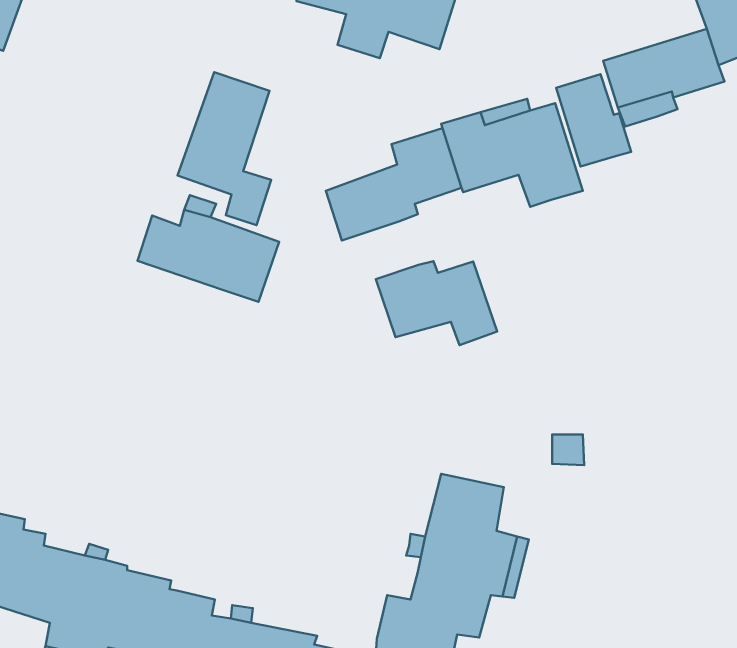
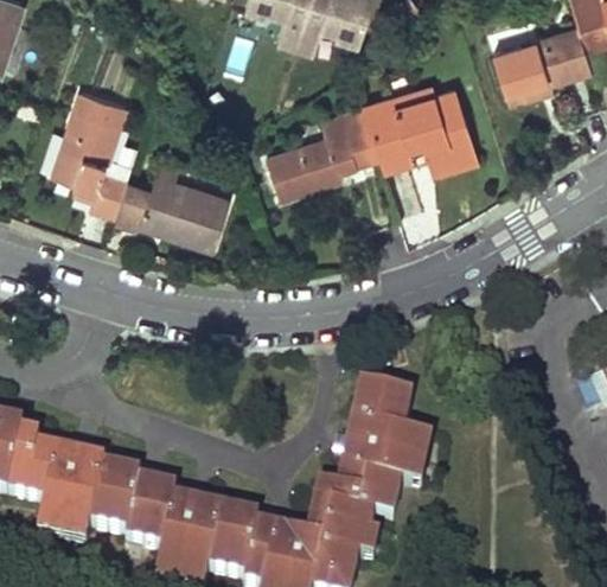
building: [178,72,271,225] -> [51,90,127,215]
building: [556,74,631,167] -> none
building: [376,261,497,345] -> none

